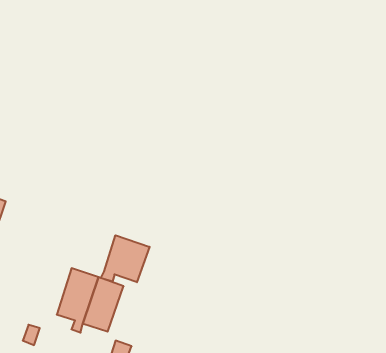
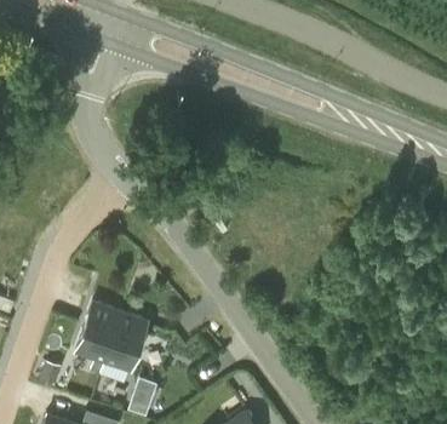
building: [101,235,150,282] -> none

